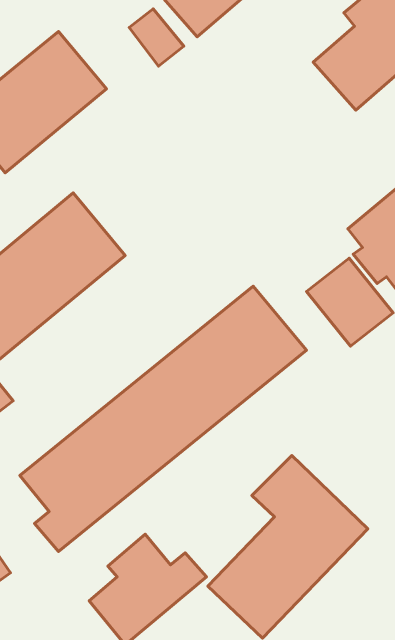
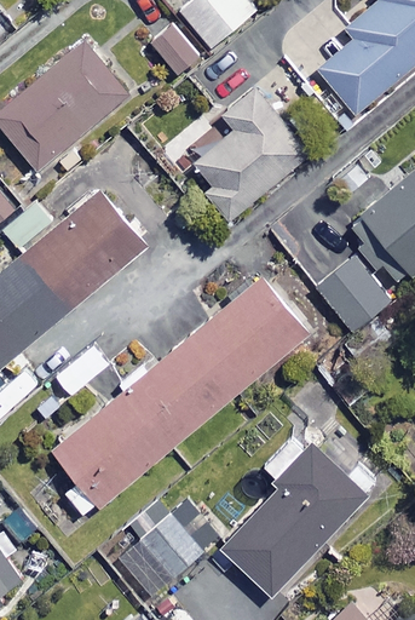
building: none -> [192,74,312,220]

